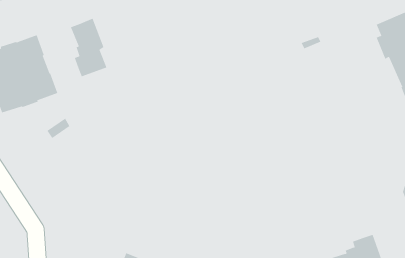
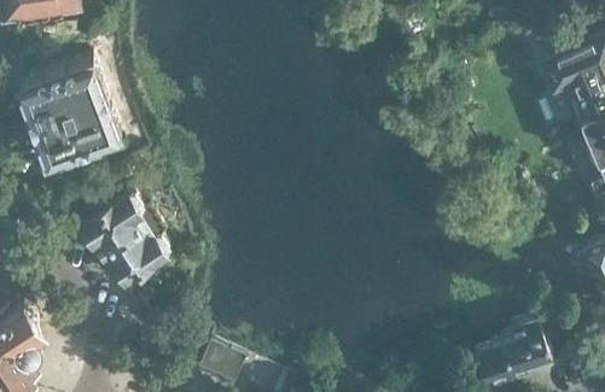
building: [70,18,107,77] -> none
building: none -> [80,198,169,286]

